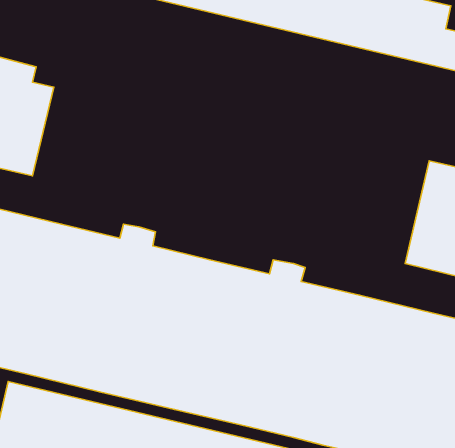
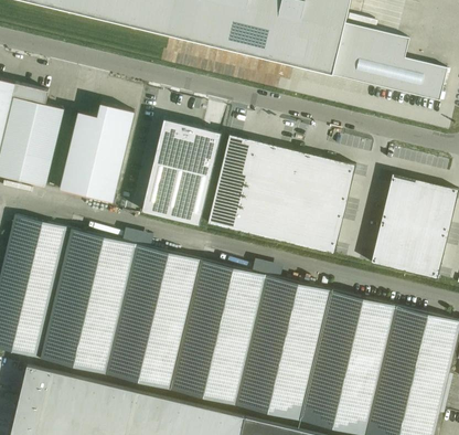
building: none -> [60,105,132,201]
building: none -> [141,118,222,224]
building: none -> [206,135,356,255]

